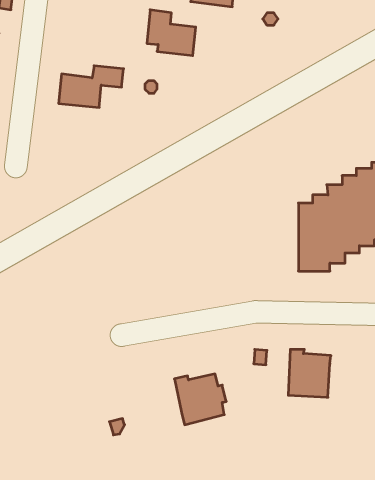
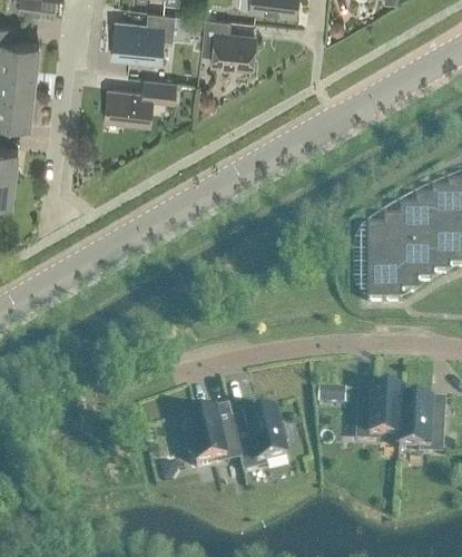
building: none -> [111,9,175,59]
building: none -> [399,399,445,450]
building: none -> [184,405,239,466]

